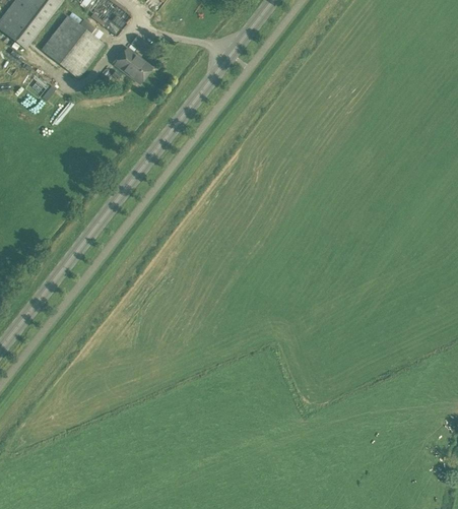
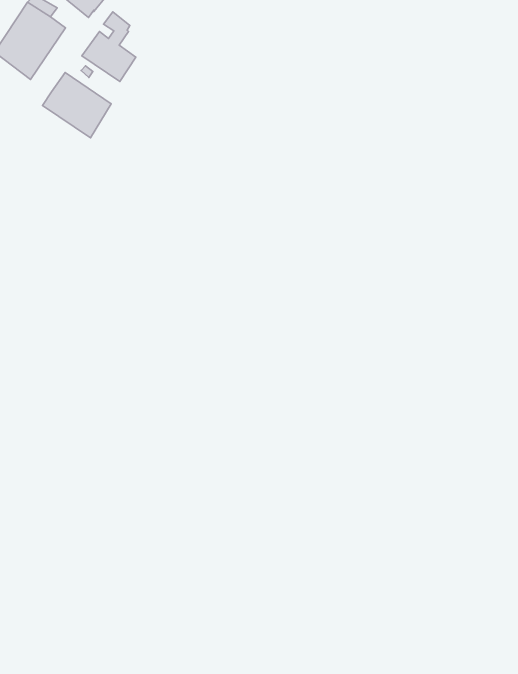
building: none -> [43,72,111,138]

